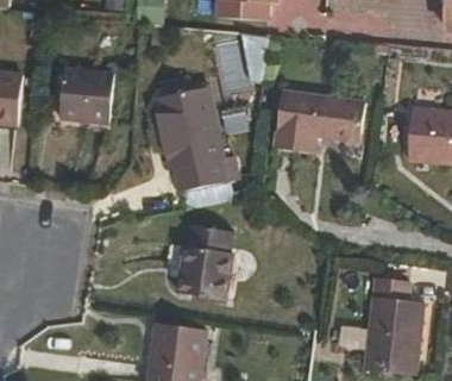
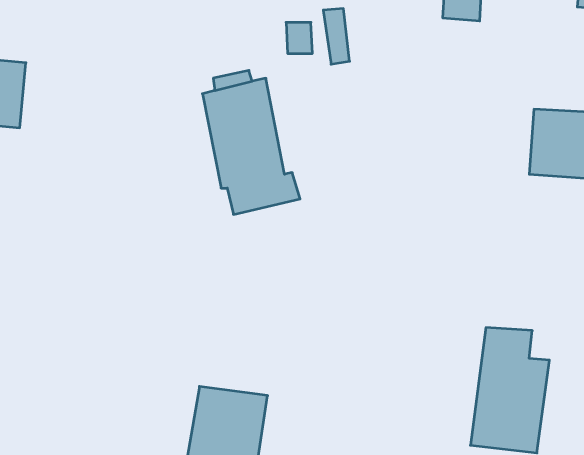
building: [59,68,113,123] -> none
building: [275,93,363,154] -> none
building: [178,226,231,296] -> none

